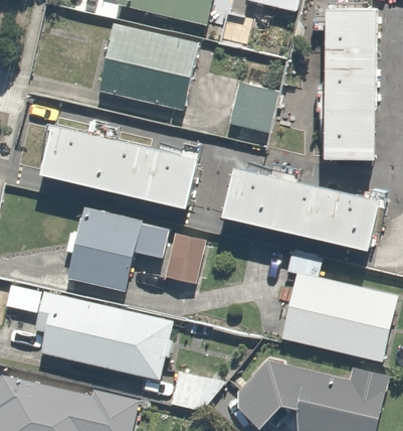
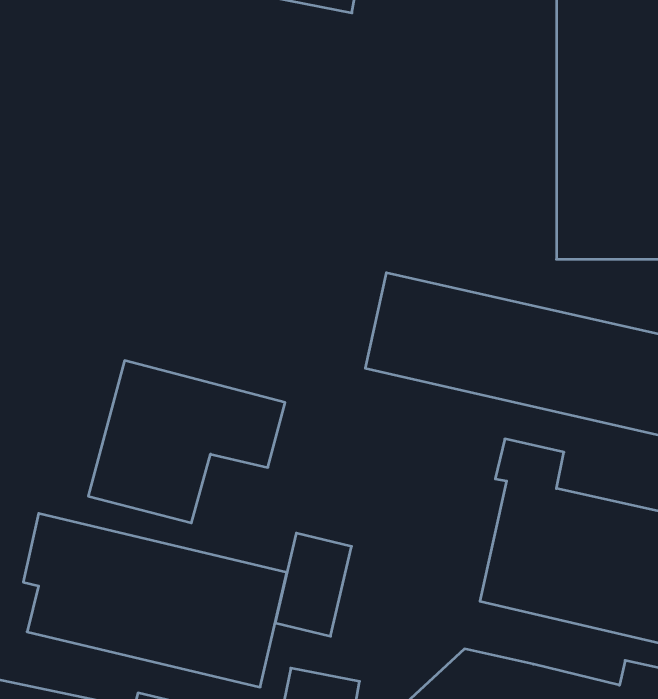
building: [102,31,199,116] -> none
building: [226,80,277,138] -> none
building: [35,122,199,205] -> none
building: [165,231,205,285] -> [275,533,352,636]

